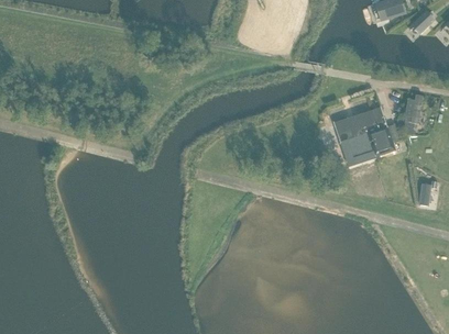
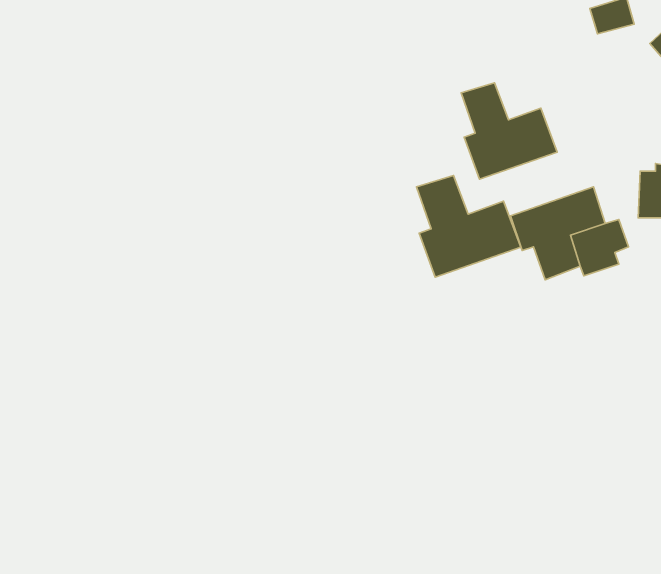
building: none -> [461,83,557,179]
building: none -> [417,176,521,277]

